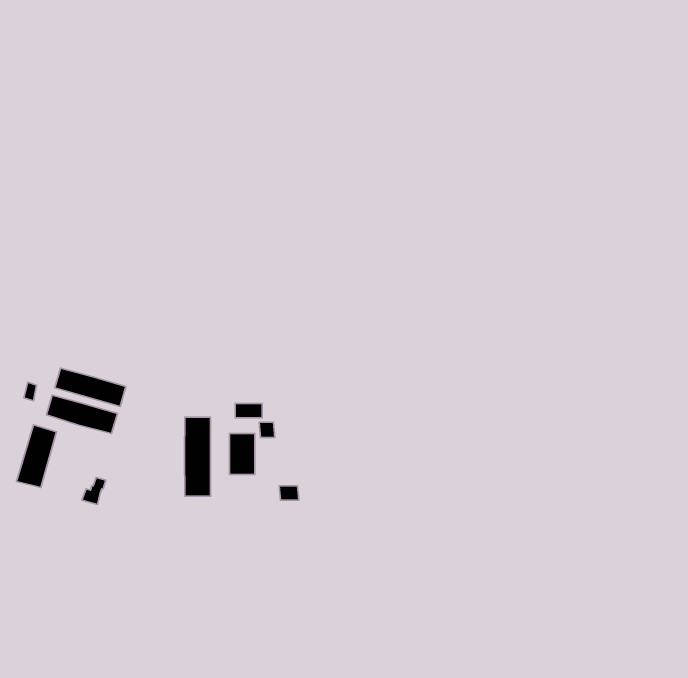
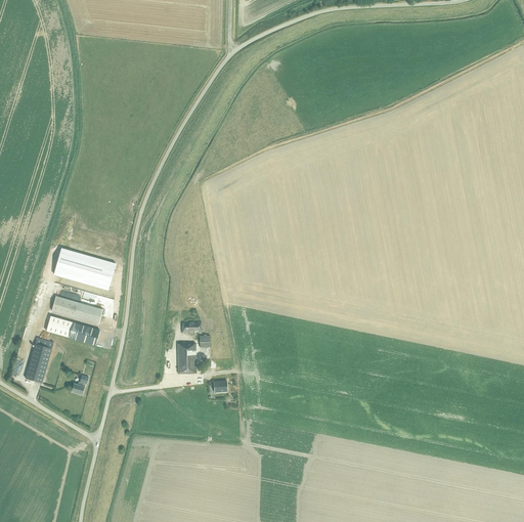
building: none -> [53,248,115,290]
building: [185,417,211,496] -> none

